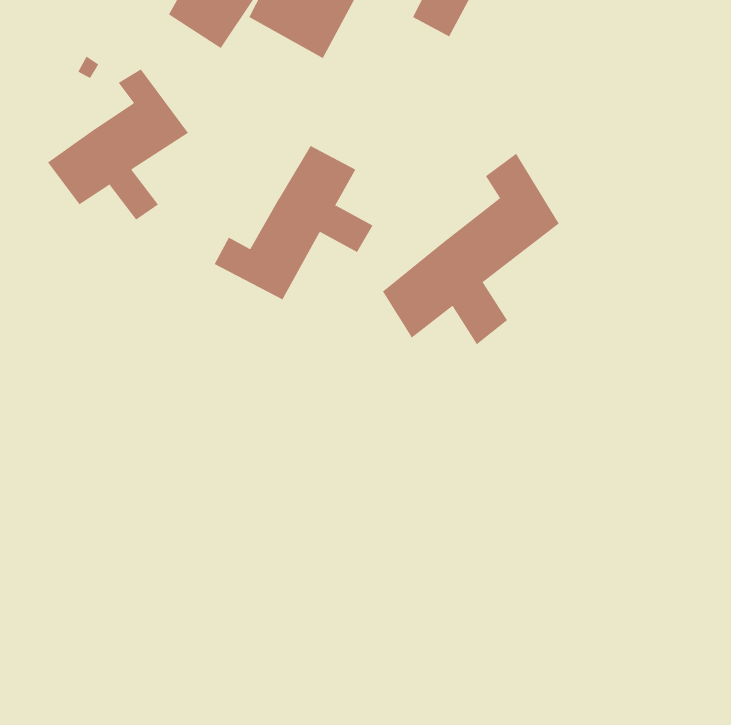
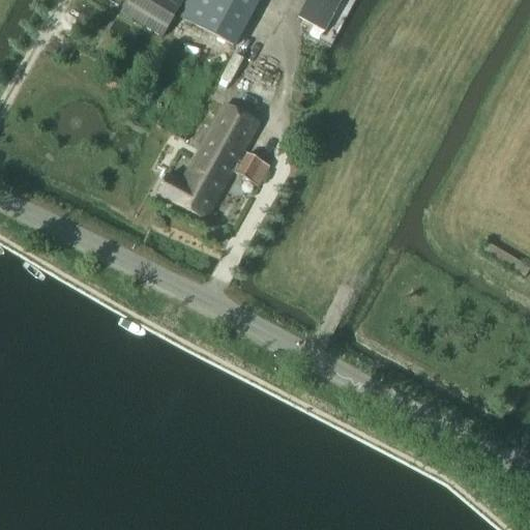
building: [47,68,189,220] -> none
building: [382,153,560,345] -> none

